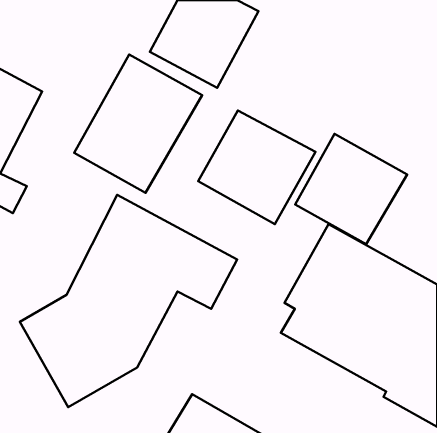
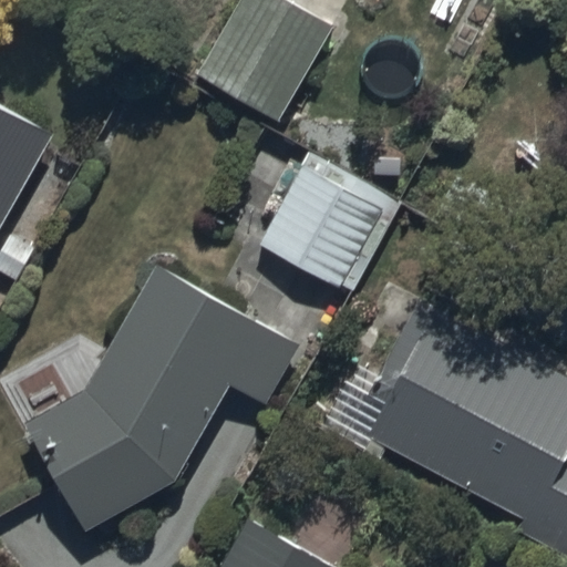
building: [74,54,202,193] -> none
building: [295,134,407,244] -> none

